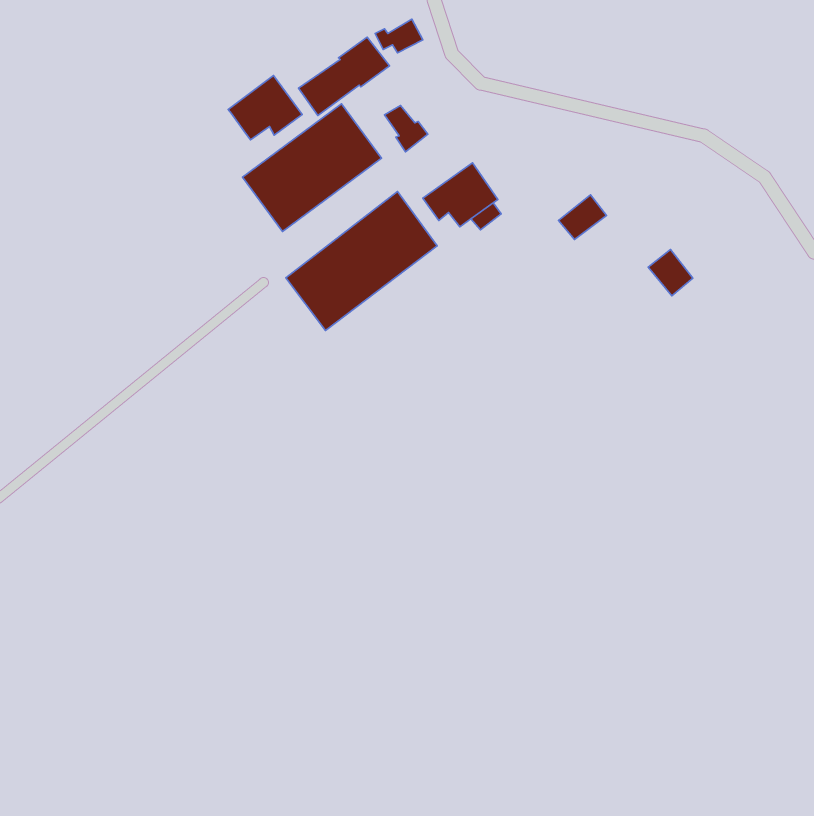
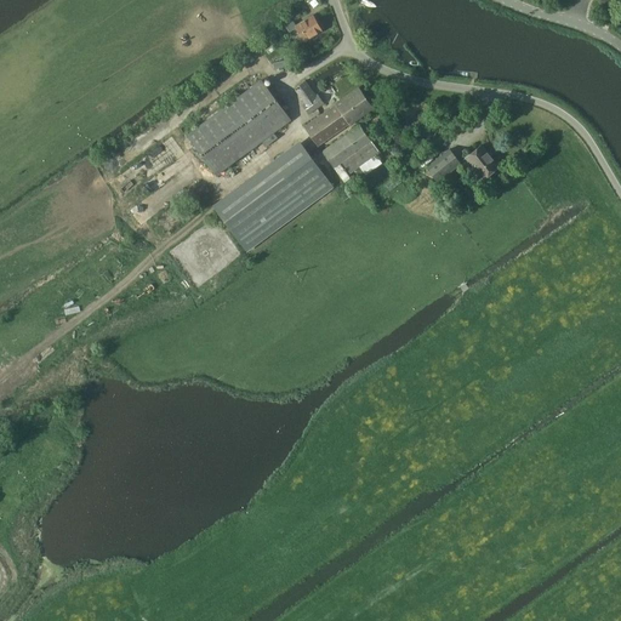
building: [299,37,390,115] -> [303,86,372,146]
building: [228,76,302,140] -> none
building: [648,250,693,296] -> [463,144,497,180]

